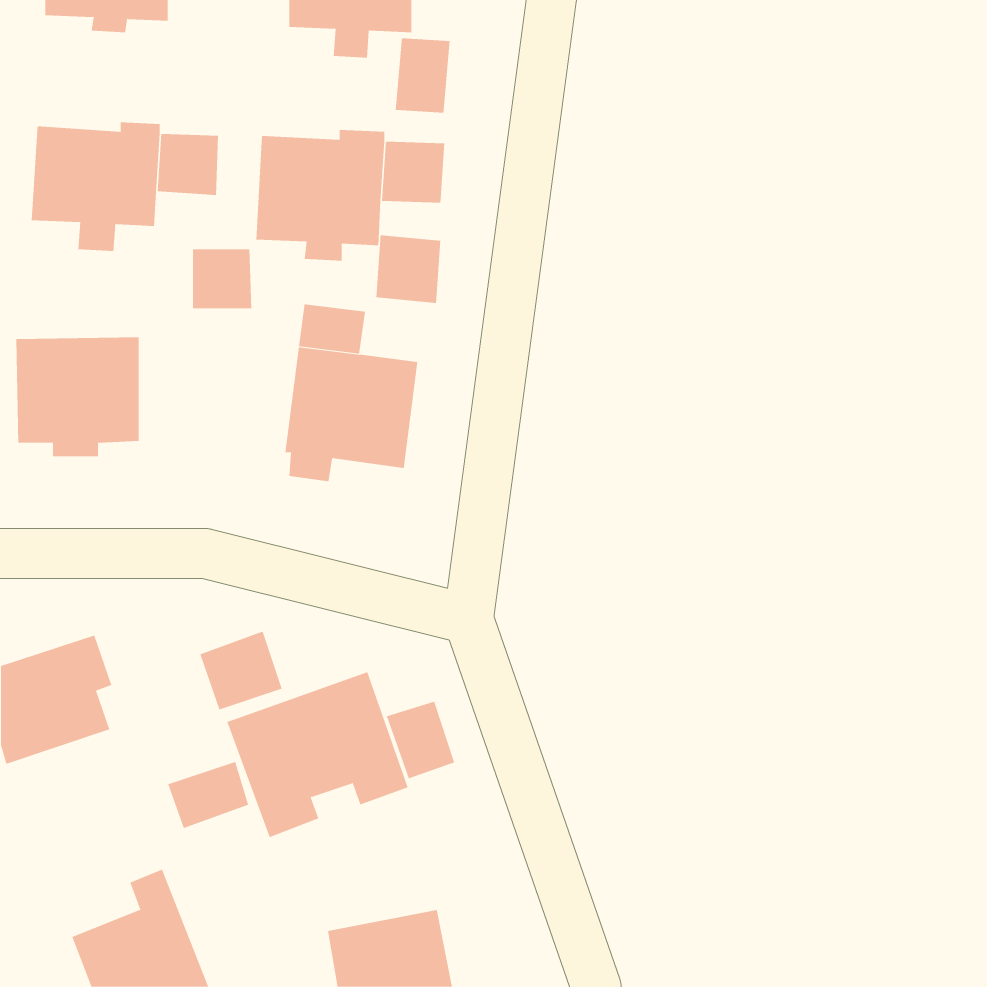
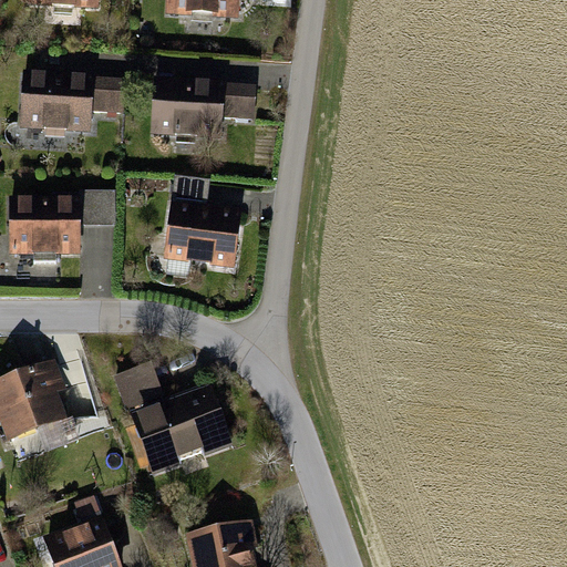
building: [395,37,450,113] -> none
building: [376,234,441,304] -> none
building: [192,249,252,309] -> [81,193,115,227]
building: [386,701,455,779] -> none
building: [167,761,249,829] -> none

